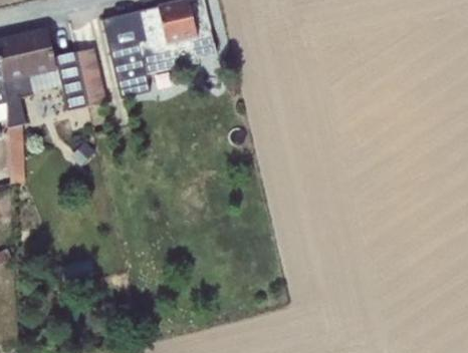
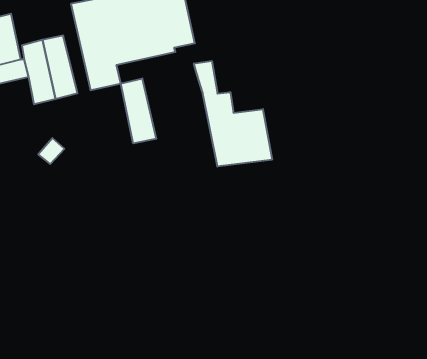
building: none -> [194,61,272,167]
building: none -> [121,78,156,143]

